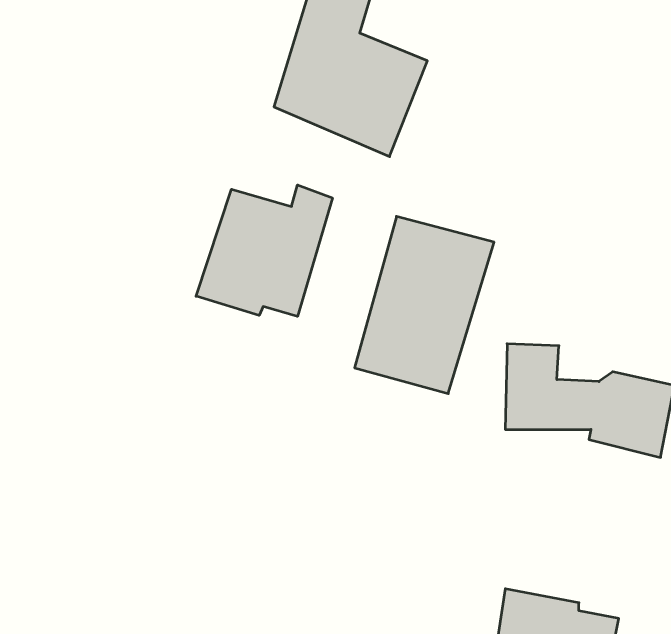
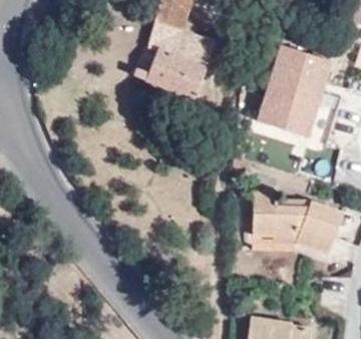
building: [196,185,332,316] -> none
building: [355,216,494,394] -> [261,47,331,136]

